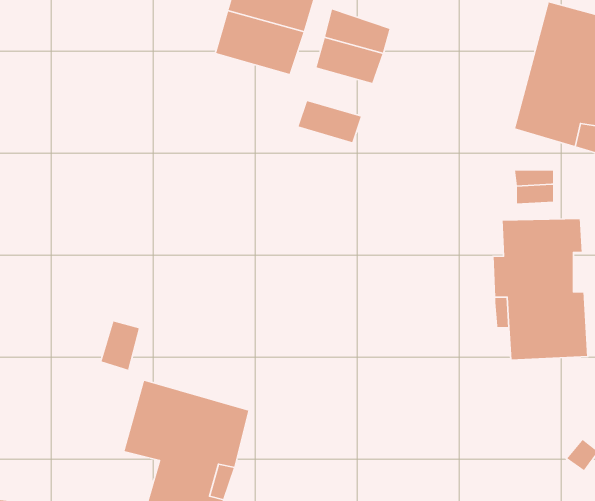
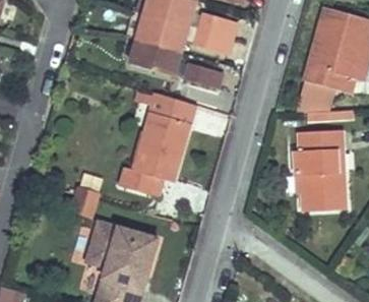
building: none -> [129,36,179,75]
building: none -> [120,90,195,194]

